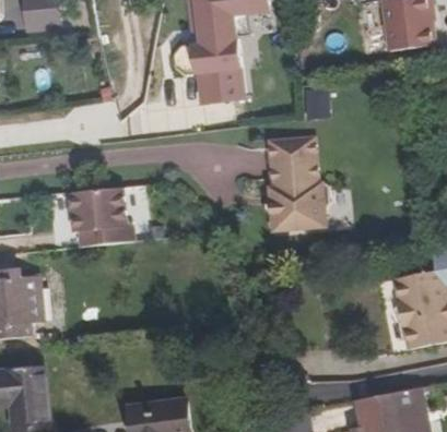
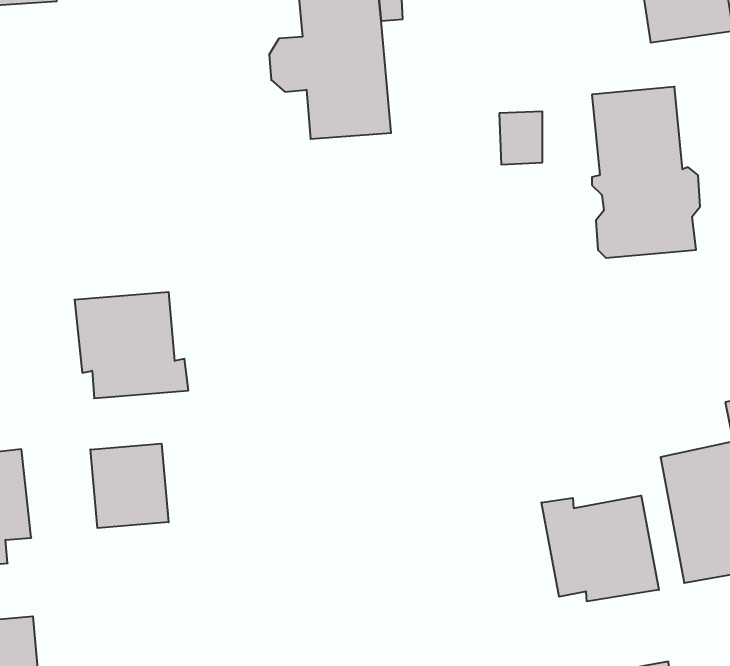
building: [268,135,328,230] -> [592,87,700,258]
building: none -> [90,444,169,528]
building: none -> [541,496,659,601]

